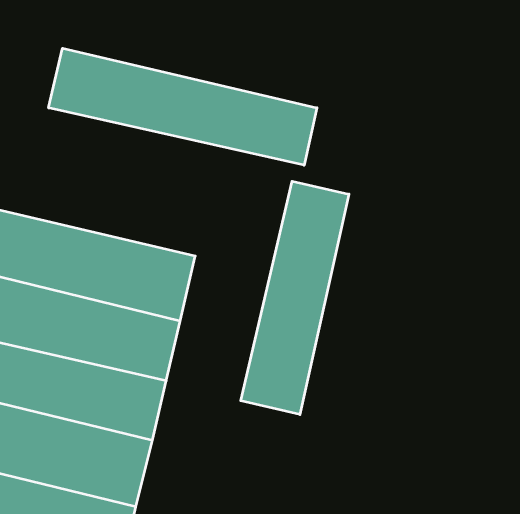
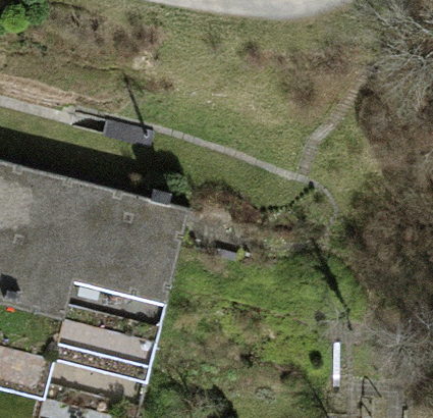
building: [49,48,317,165] -> none
building: [241,181,349,415] -> none

